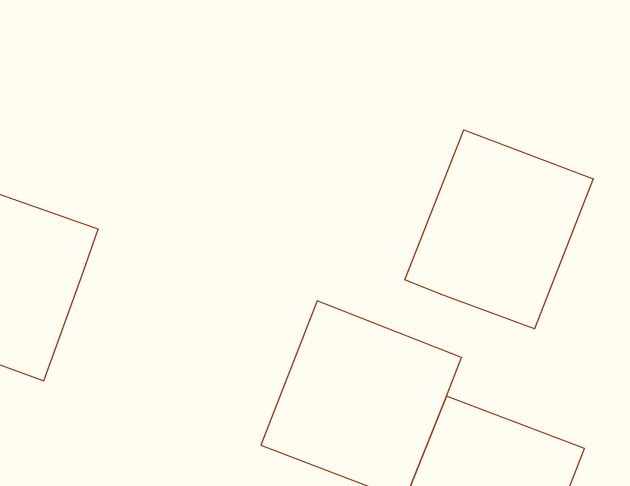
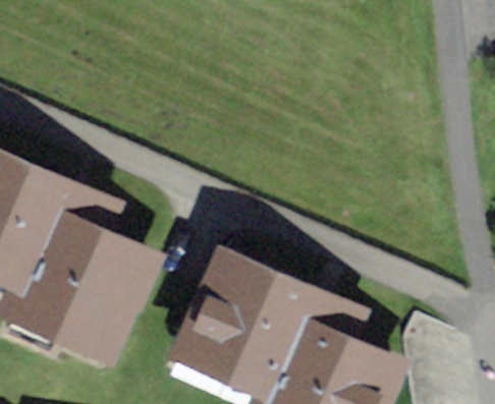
building: [405,130,593,329] -> none
building: none -> [25,218,157,359]

